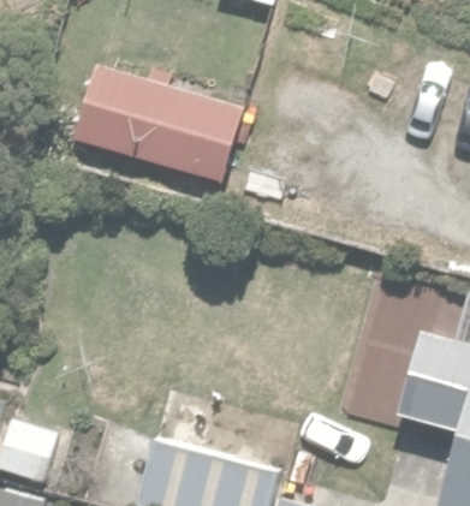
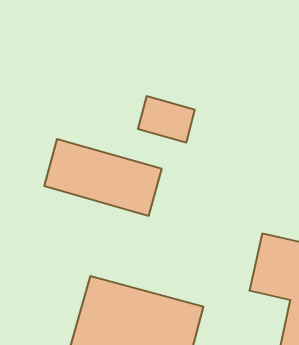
building: [78,73,244,181] -> [44,139,162,216]

